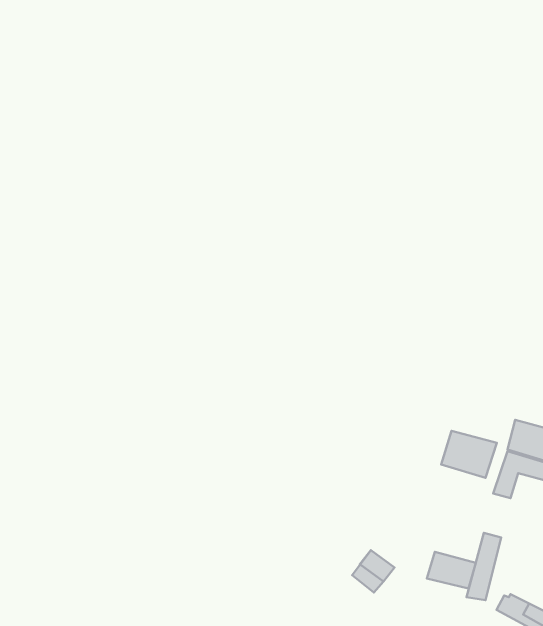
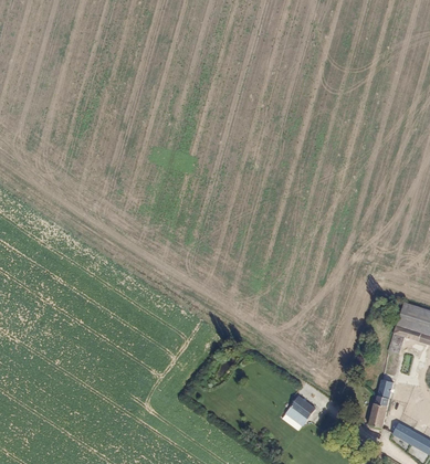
building: [441,431,497,478] -> none
building: [427,552,476,588] -> none

